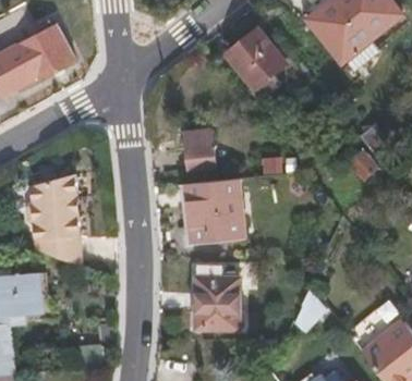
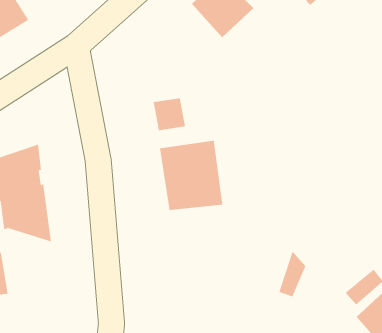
building: [195,271,238,332] -> none

